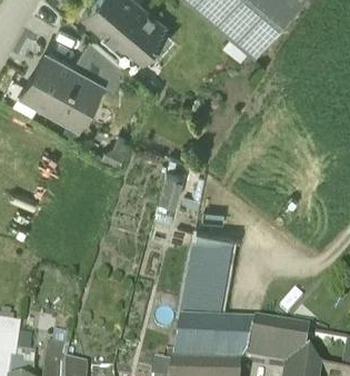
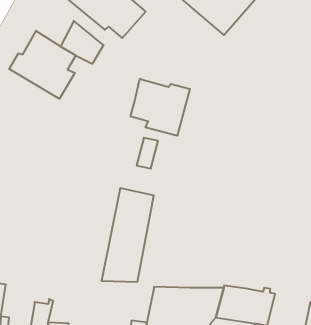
building: none -> [131,79,190,136]
building: [179,225,236,326] -> [101,188,154,282]

